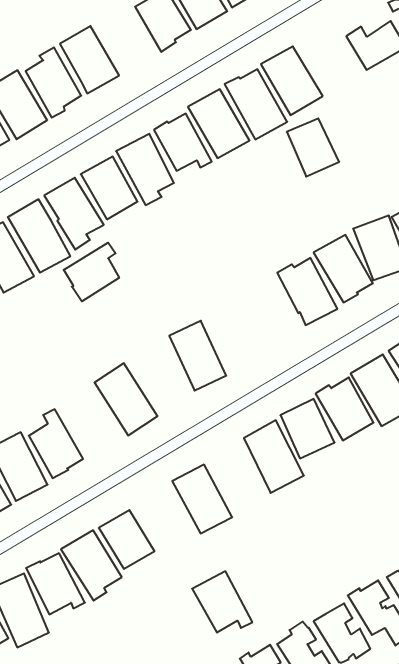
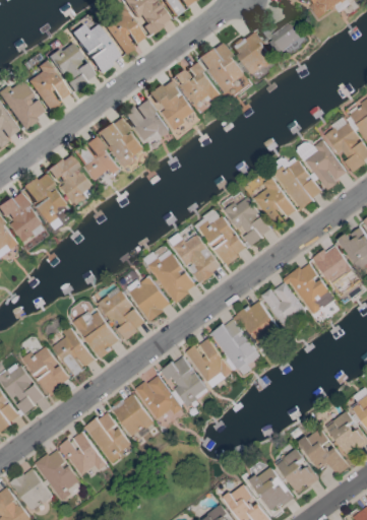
building: none -> [74,24,119,73]
building: [287,118,339,177] -> [231,32,271,76]
building: [64,243,119,301] -> none
building: none -> [199,215,246,266]
building: none -> [173,234,221,284]
building: none -> [125,276,170,321]
building: none -> [73,308,120,359]
building: none -> [185,339,228,384]
building: [192,571,252,633] -> [134,375,181,420]

